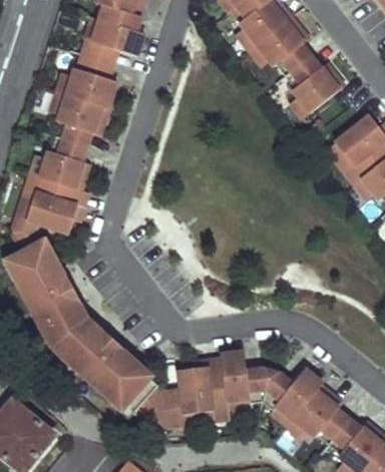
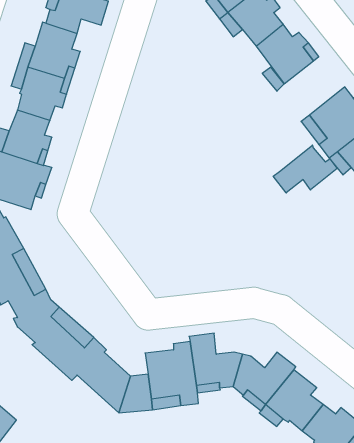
building: none -> [273,145,337,193]

